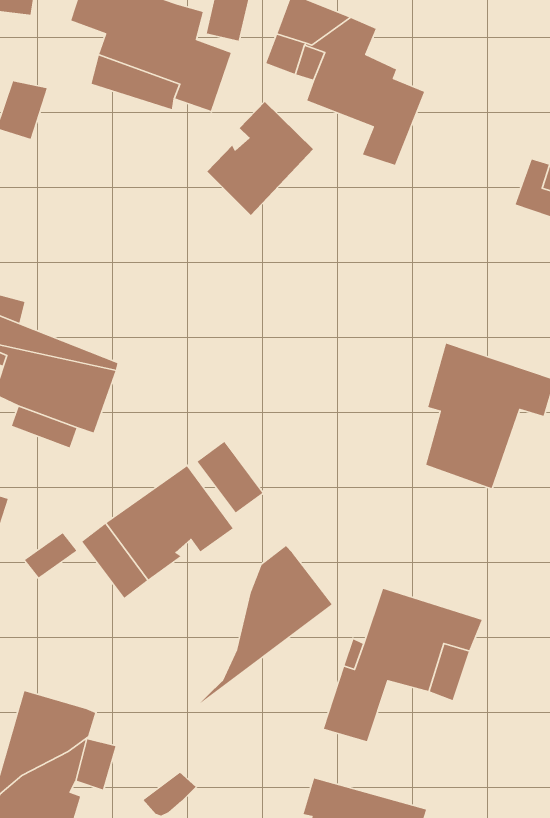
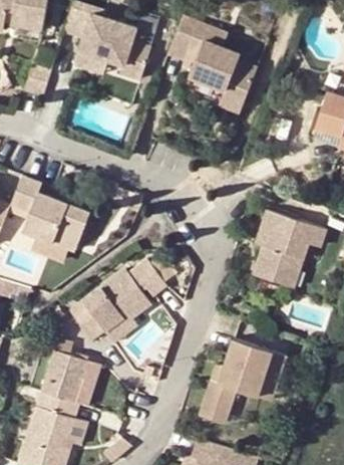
building: [206,101,314,216] -> none
building: [191,545,333,711] -> none
building: none -> [39,352,85,404]

